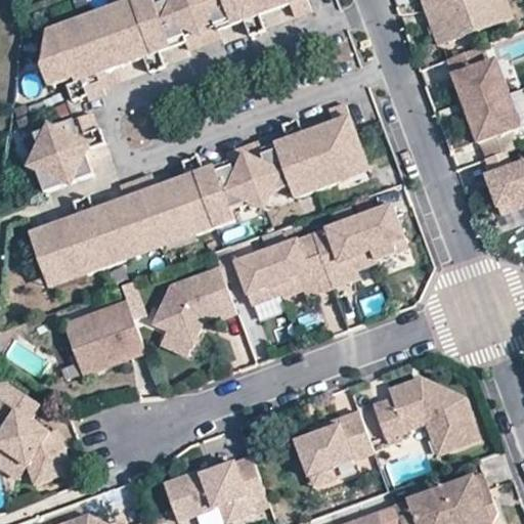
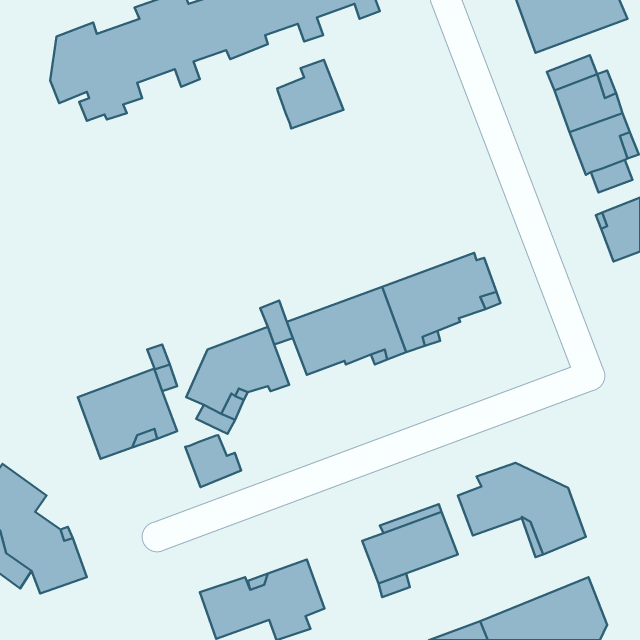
building: none -> [277,60,343,129]
building: [34,103,364,276] -> none
building: [31,112,102,190] -> none
building: none -> [185,435,241,487]

